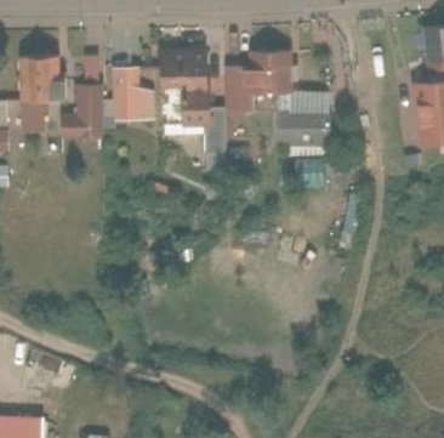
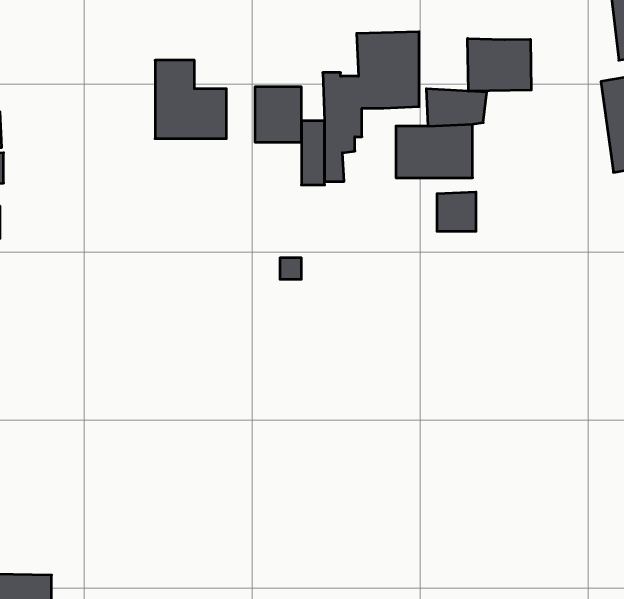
building: none -> [468,38,531,91]
building: [19,51,68,126] -> none
building: [158,51,211,84] -> none
building: [62,79,104,135] -> none

